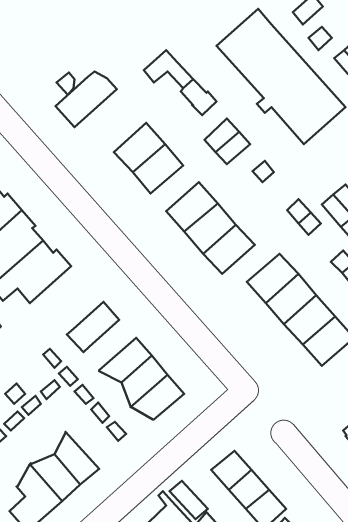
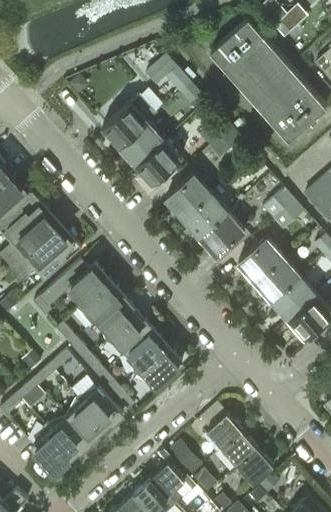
building: [55,71,117,127] -> [102,98,157,148]
building: none -> [33,261,110,317]
building: none -> [97,298,139,343]
building: none -> [76,389,122,431]

